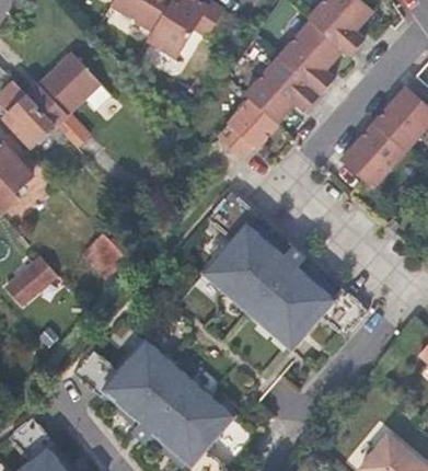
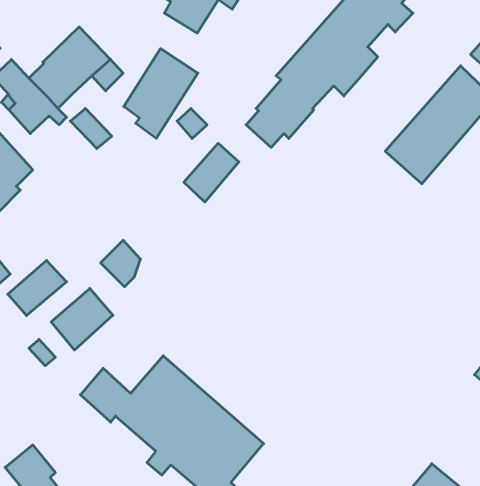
building: none -> [124,49,198,138]
building: none -> [184,143,239,202]
building: [201,192,367,351] -> none
building: none -> [51,288,113,350]

